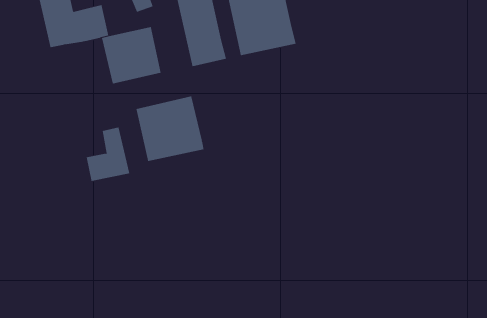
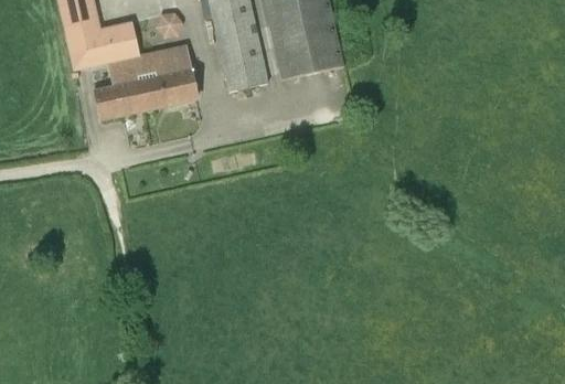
building: [136,96,204,162] -> none
building: [86,127,130,181] -> [93,58,141,118]

